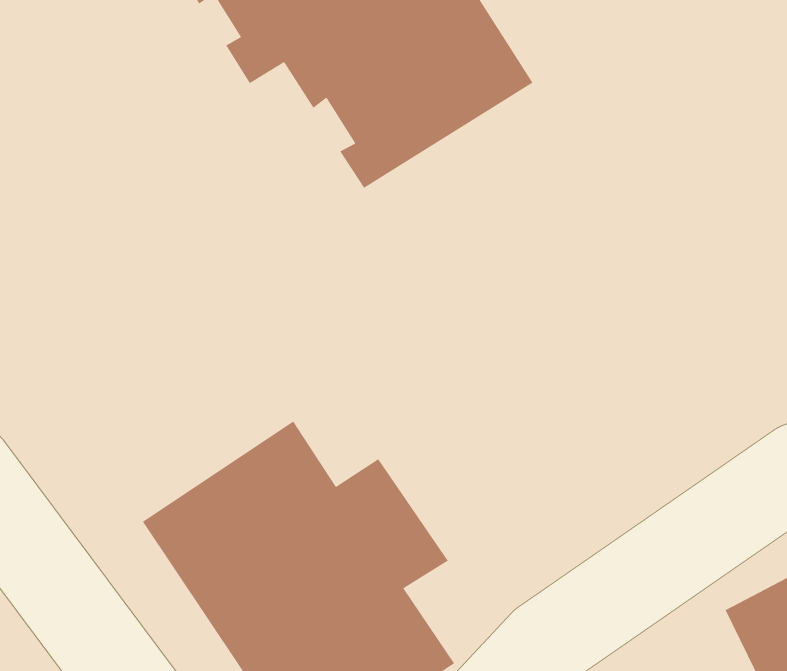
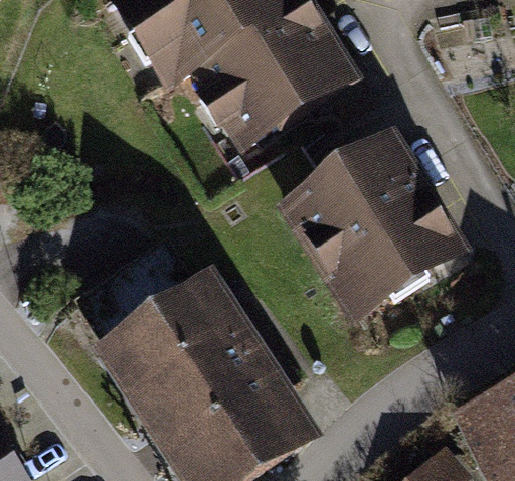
building: none -> [286,152,453,317]

